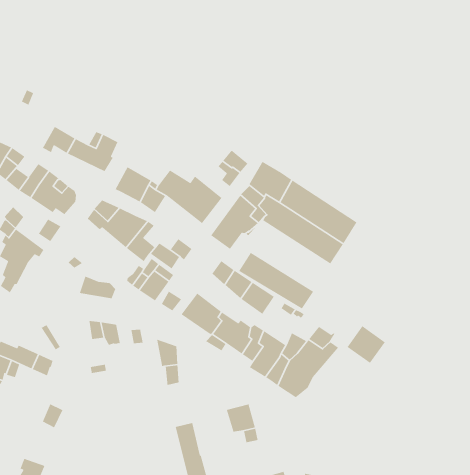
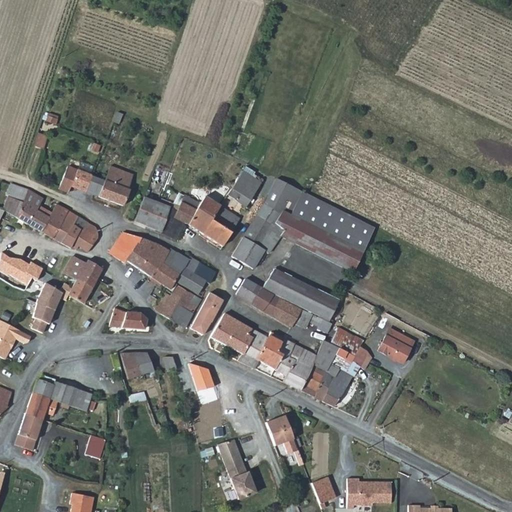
building: none -> [68,260,102,302]
building: none -> [168,252,201,274]
building: none -> [197,292,223,322]

